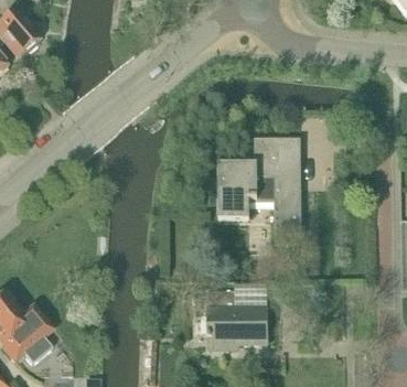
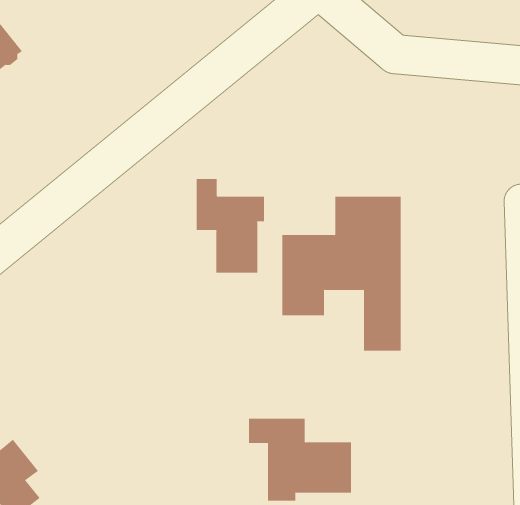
building: none -> [196,178,264,273]

